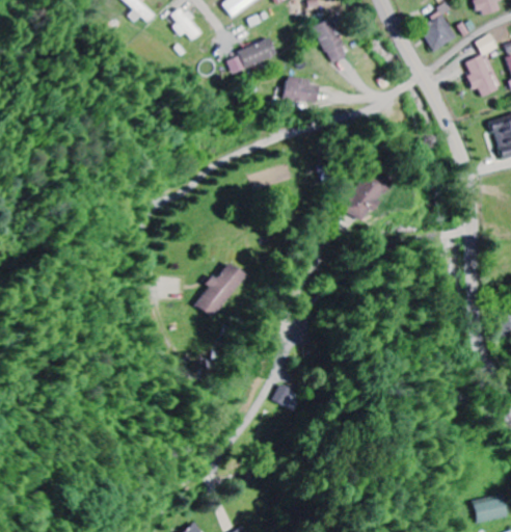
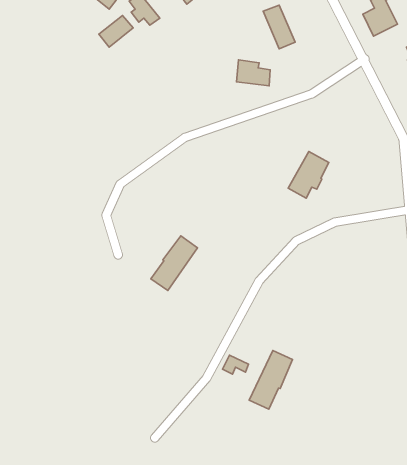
building: none -> [99,15,133,47]
building: [230,38,277,71] -> none
building: none -> [249,350,292,409]

